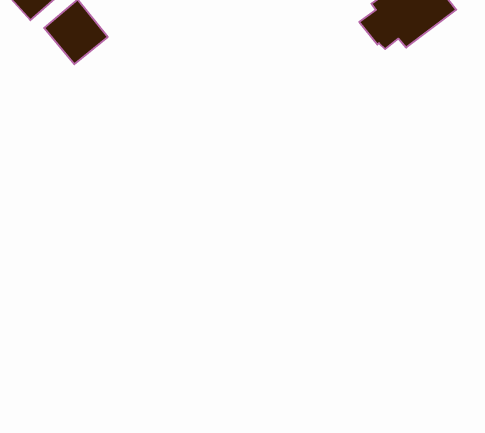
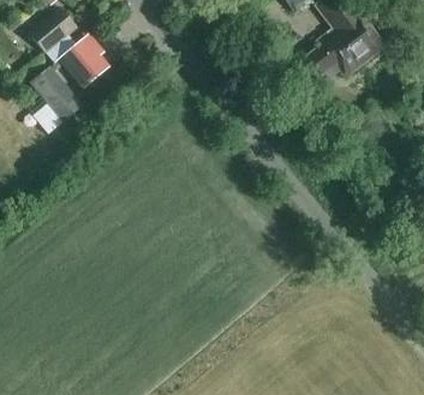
building: none -> [29,68,80,124]

